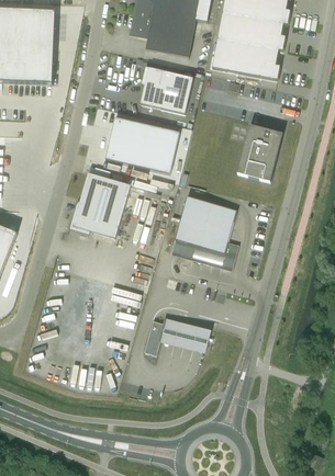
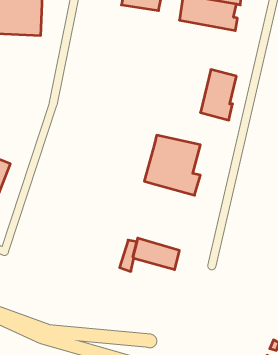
building: [139,66,192,113] -> none
building: [104,116,179,172] -> none
building: [71,172,130,237] -> none

